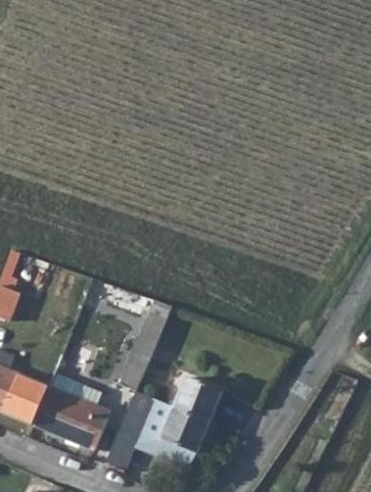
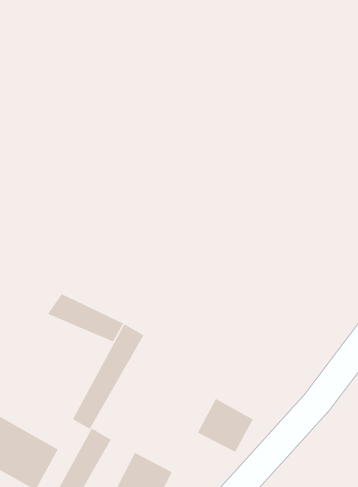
building: [175,376,222,421] -> [197,398,254,453]

